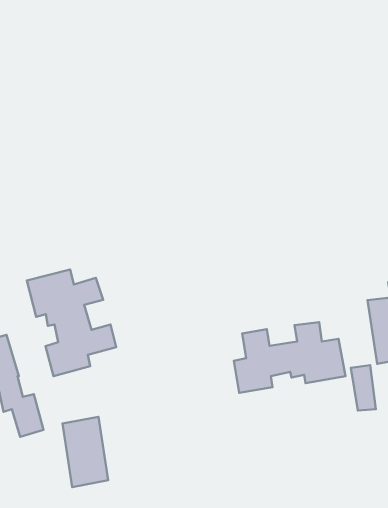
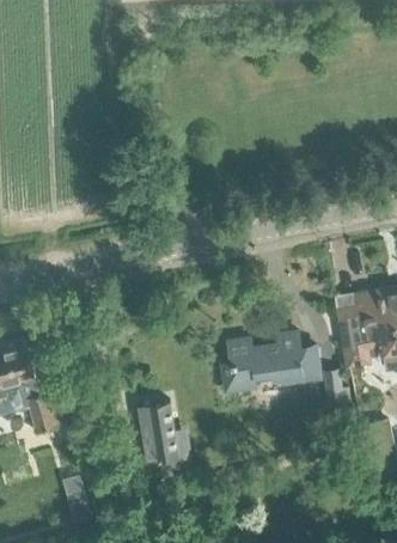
building: [27,269,116,376] -> none
building: [63,417,108,487] -> [139,401,178,462]

